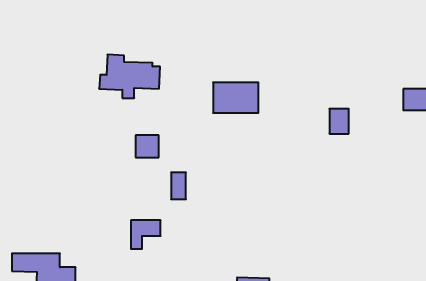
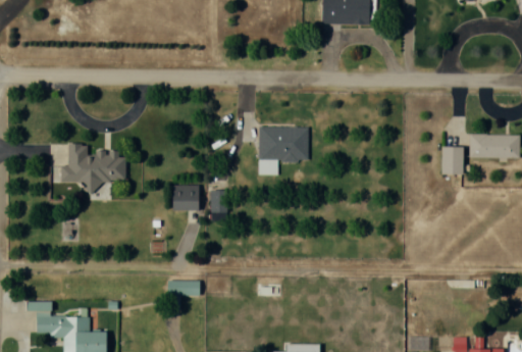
building: [99,55,160,98] -> [59,143,126,191]
building: [329,109,349,134] -> [441,146,463,173]
building: [171,172,186,199] -> [210,189,226,218]

